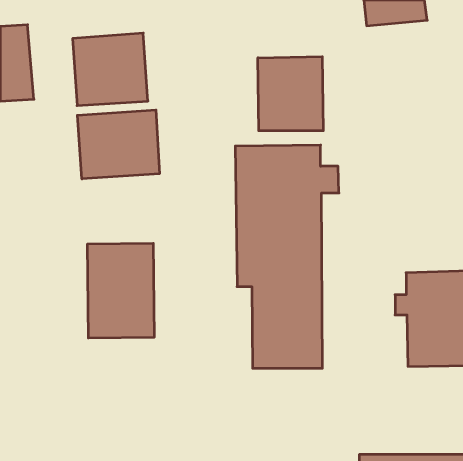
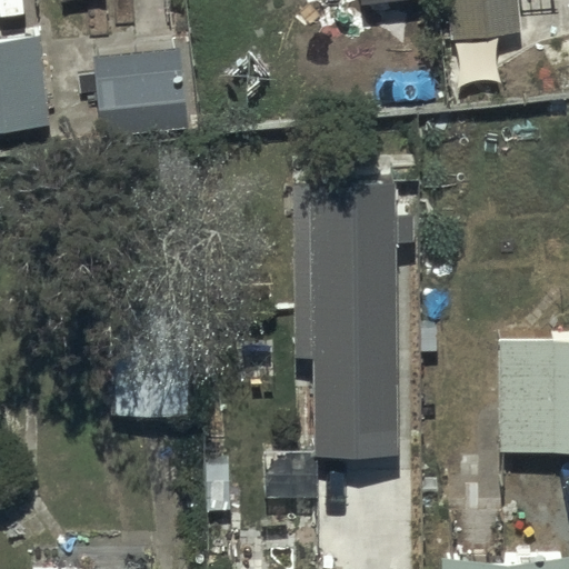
building: [258,57,323,131] -> none
building: [77,110,159,179] -> none

